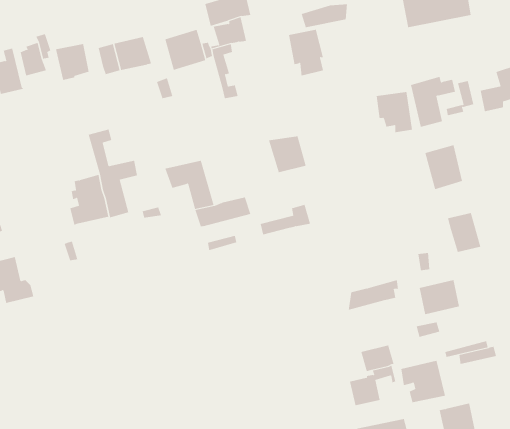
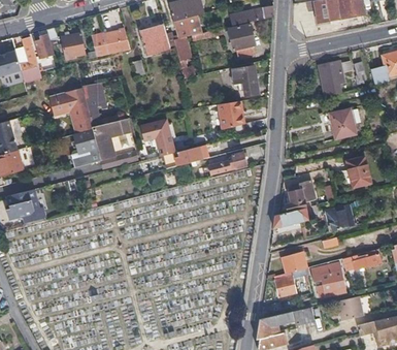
building: [376,91,413,133] -> [232,65,259,95]
building: none -> [54,91,93,133]
building: none -> [287,180,316,212]

